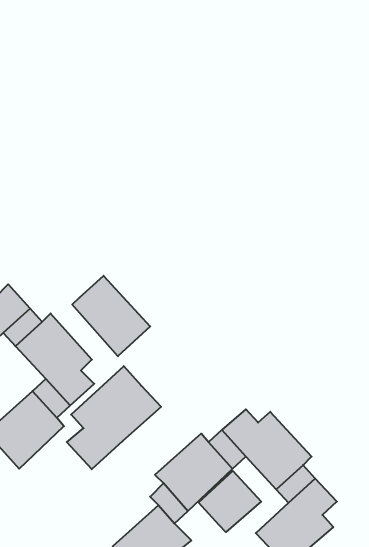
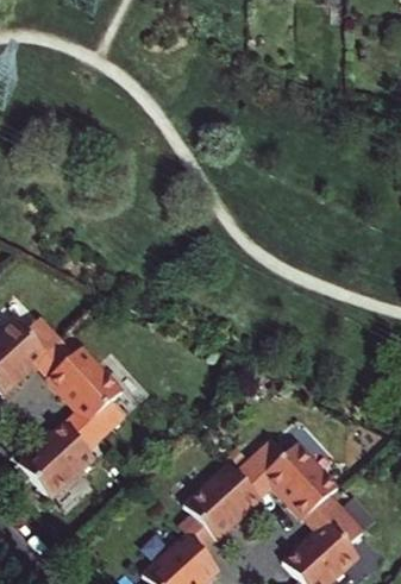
building: [72,276,150,356] -> none
building: [67,366,161,469] -> none
building: [199,471,261,532] -> none

